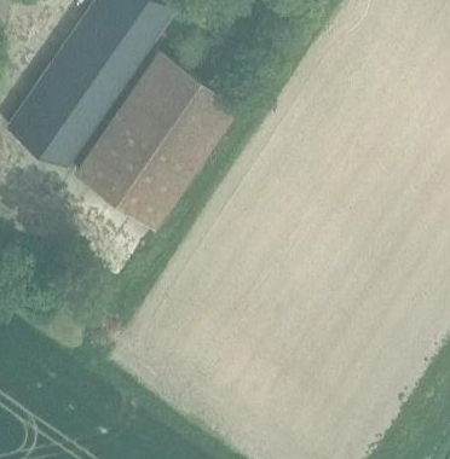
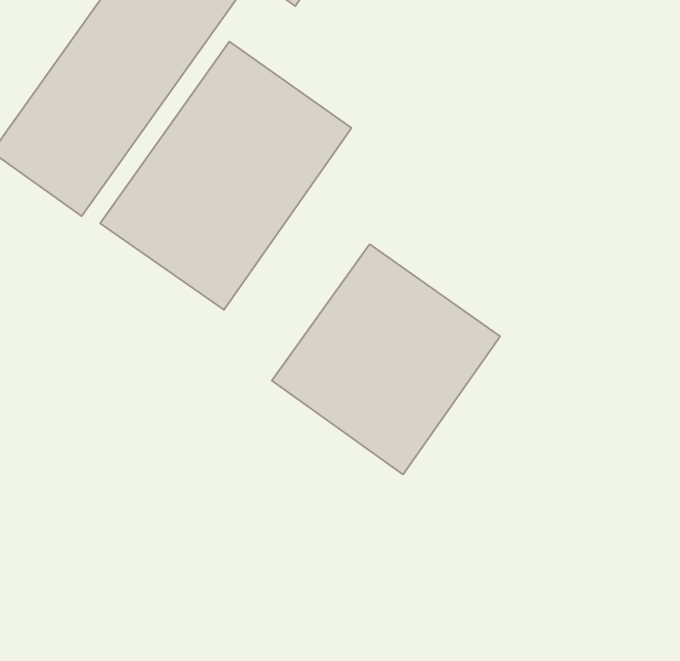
building: none -> [272,244,500,474]

